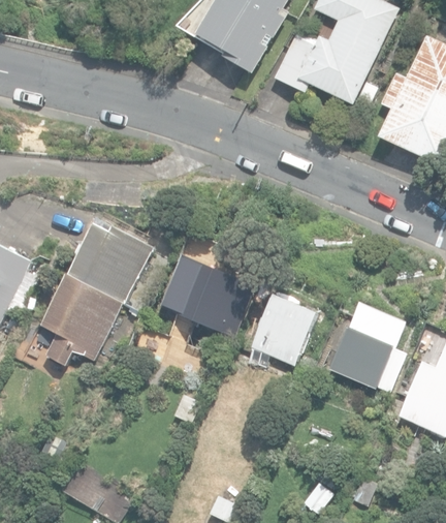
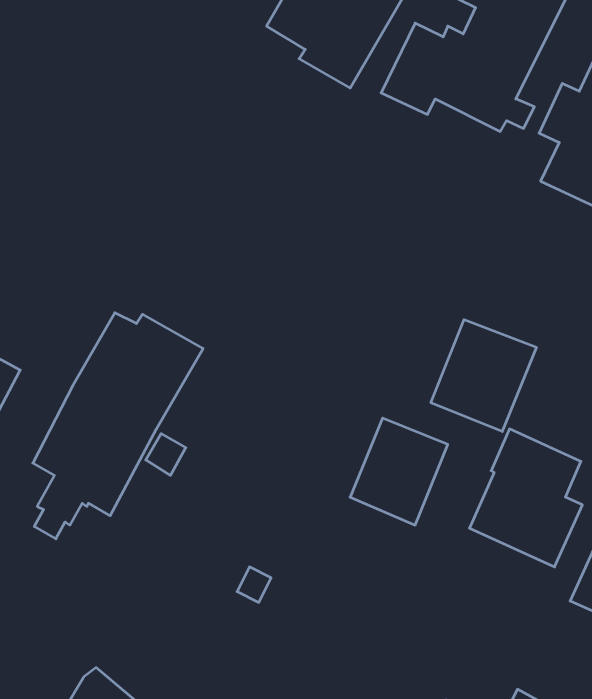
building: none -> [431,320,536,432]
building: [162,258,254,337] -> none

